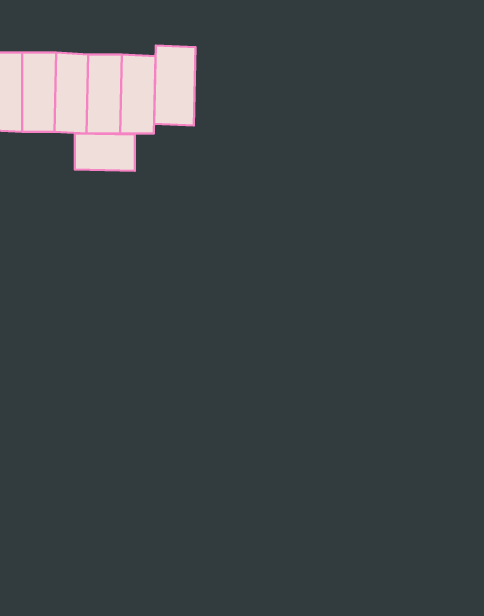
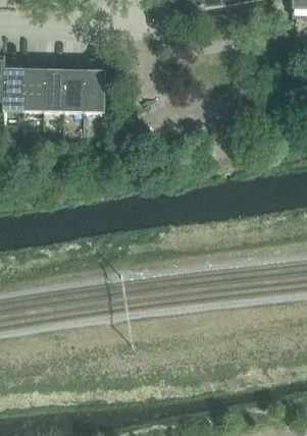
building: [154,46,196,125] -> none
building: [75,133,135,171] -> none

